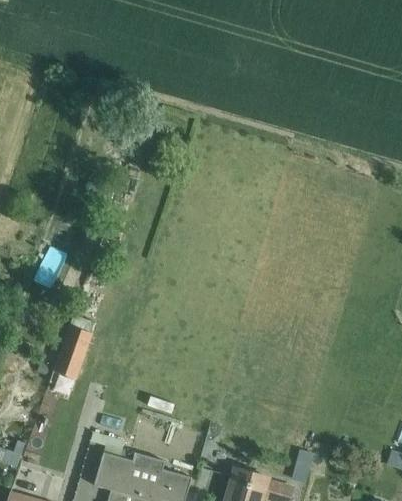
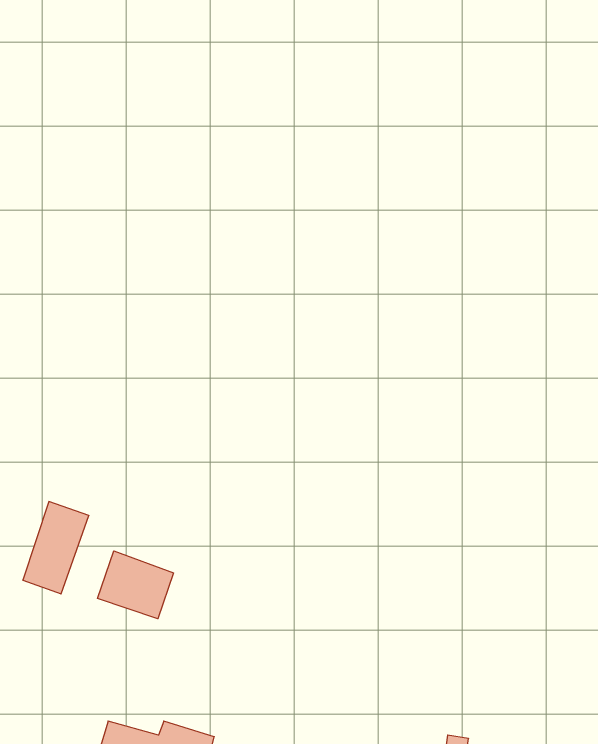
building: none -> [97,551,173,619]

